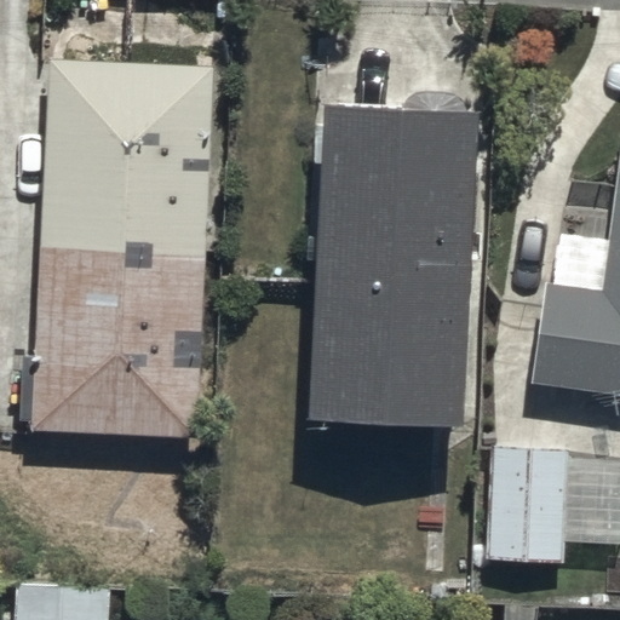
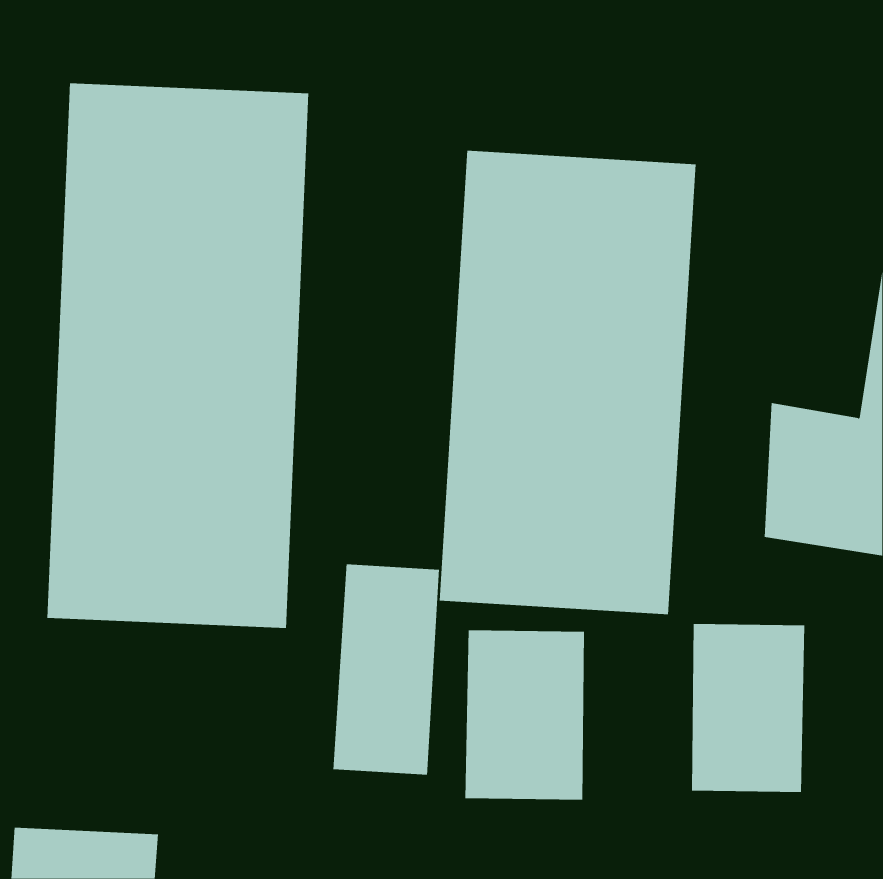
building: none -> [333,563,439,775]
building: none -> [465,630,584,801]

